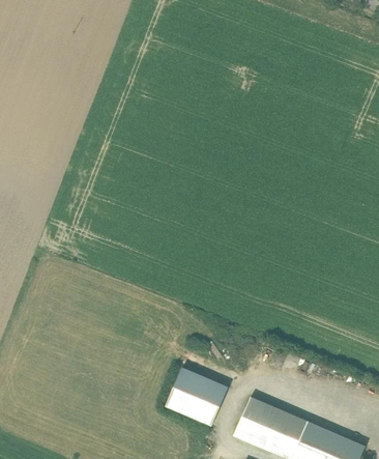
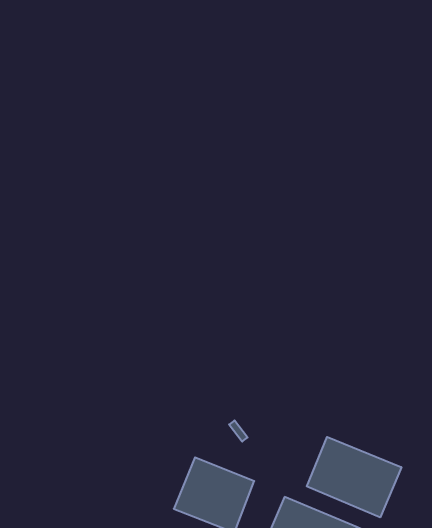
building: none -> [307,437,401,517]

